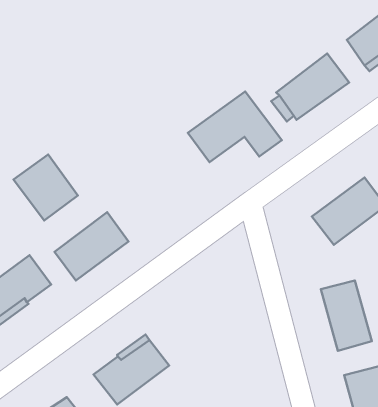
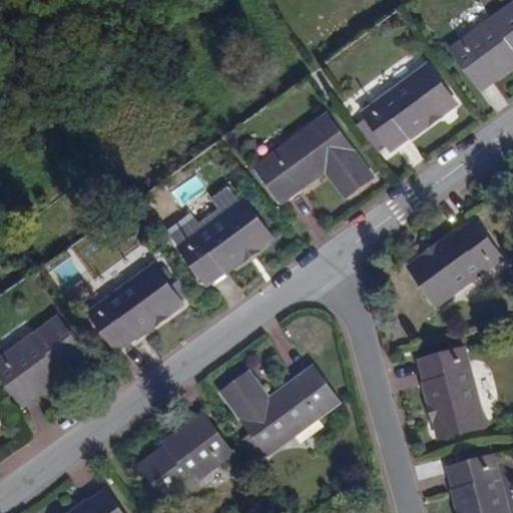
building: [14,155,78,220] -> none
building: none -> [179,202,270,284]
building: none -> [220,367,338,454]

